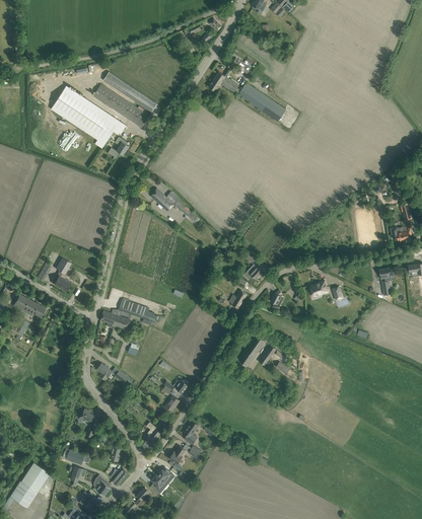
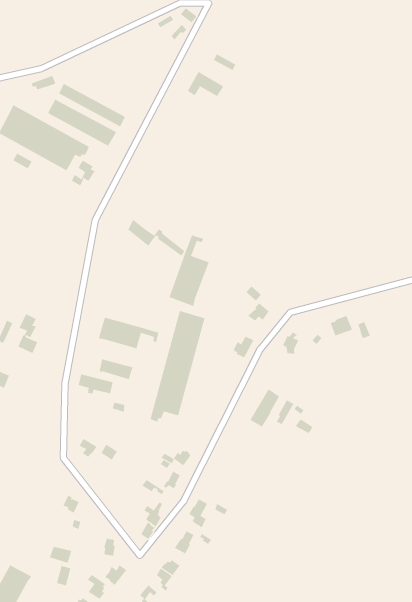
building: [238,84,286,123] -> none
building: none -> [169,235,209,307]
building: none -> [150,310,205,422]
building: none -> [98,317,159,349]

